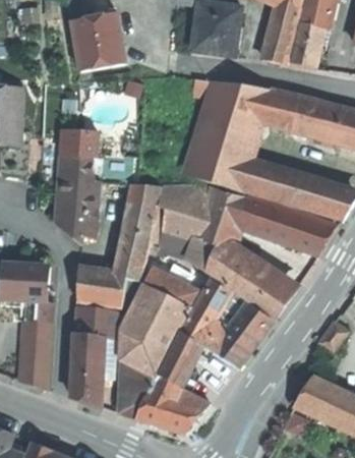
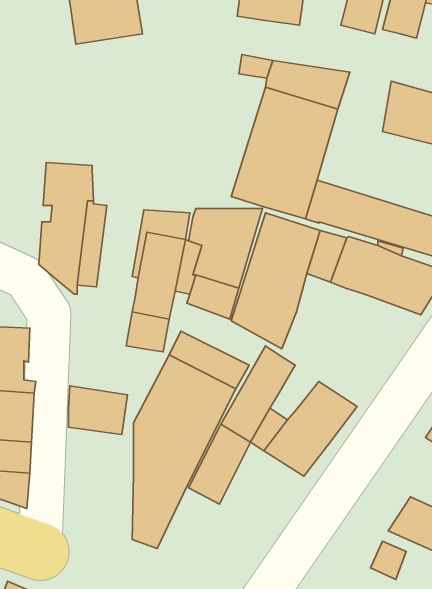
building: [258,90,297,130] -> none
building: [60,130,98,157] -> none
building: [220,254,292,320] -> none
building: [76,272,127,308] -> none
building: [72,334,105,406] -> none
building: [136,375,209,432] -> none

